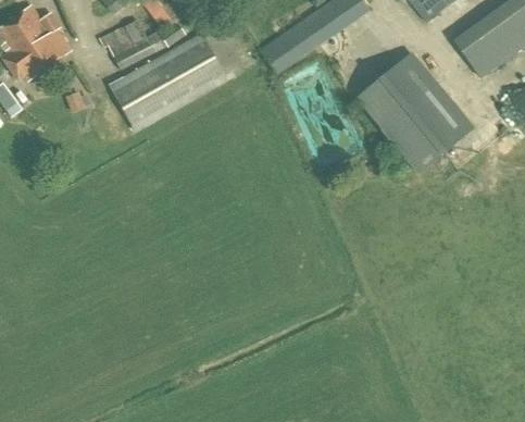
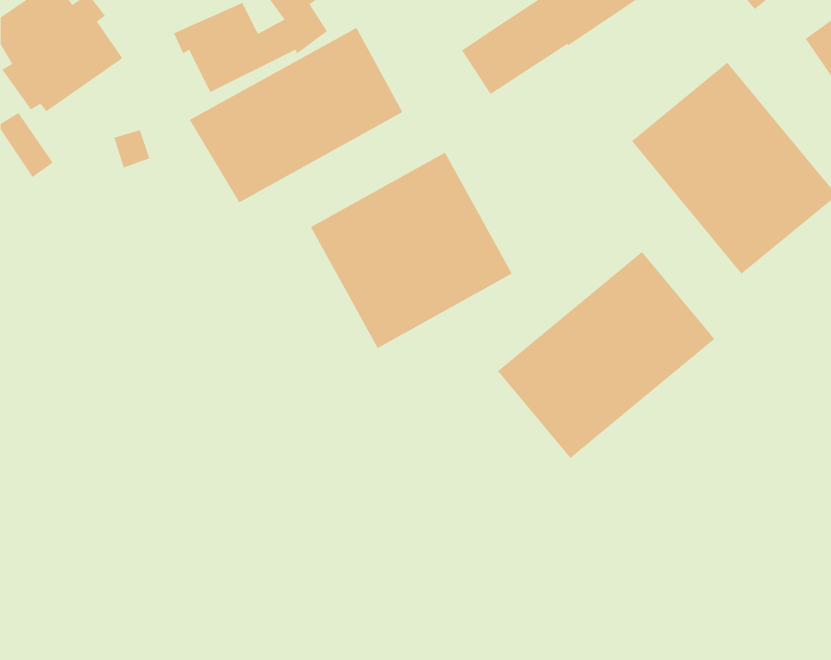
building: none -> [310,152,513,349]
building: none -> [497,251,715,459]

